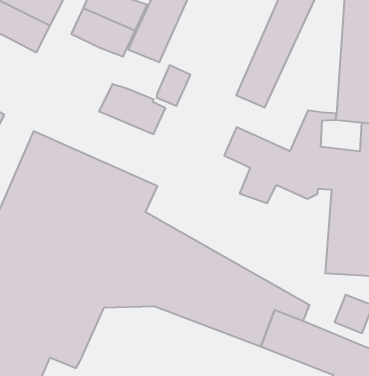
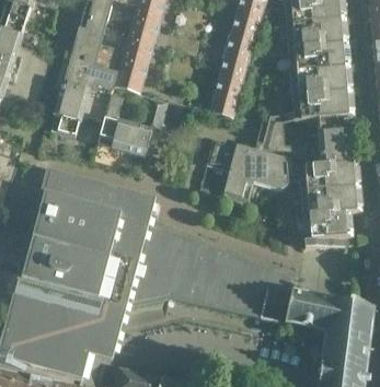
building: none -> [51,82,123,136]

